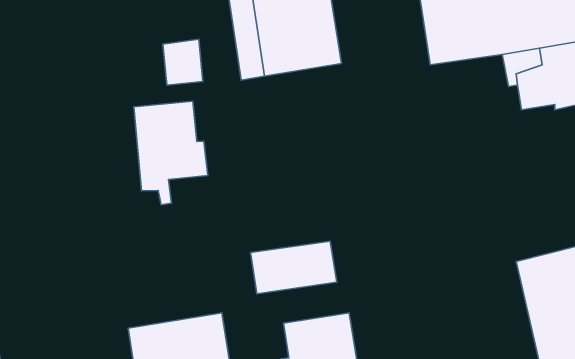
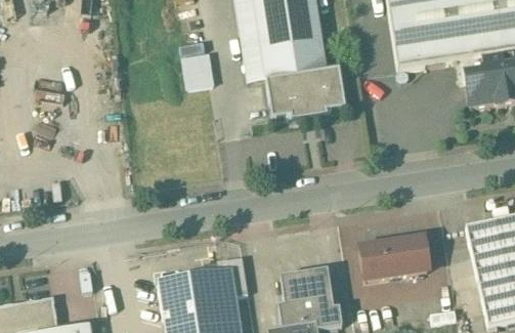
building: none -> [265,67,345,119]
building: [134,101,208,205] -> none
building: [251,241,337,294] -> [360,236,429,278]

